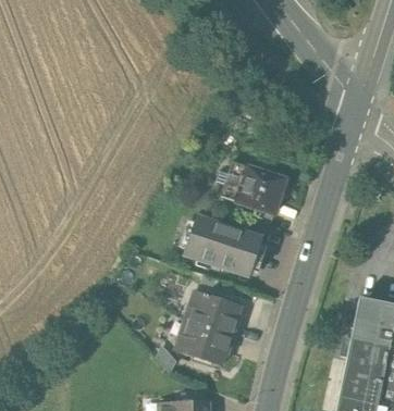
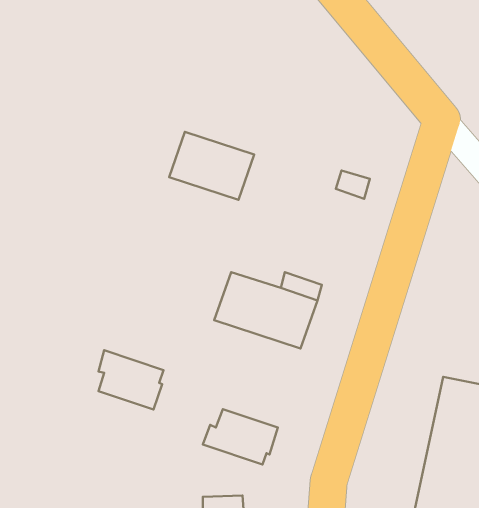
building: [220,162,285,214] -> [169,132,254,200]
building: [189,291,239,337] -> [98,350,163,410]

